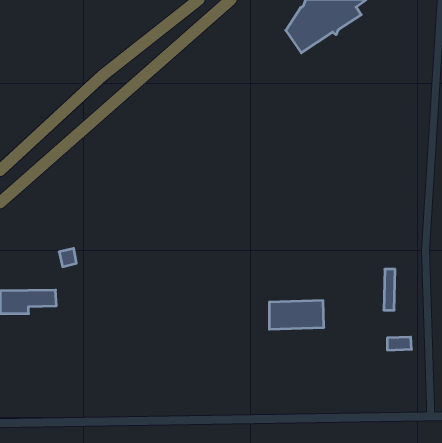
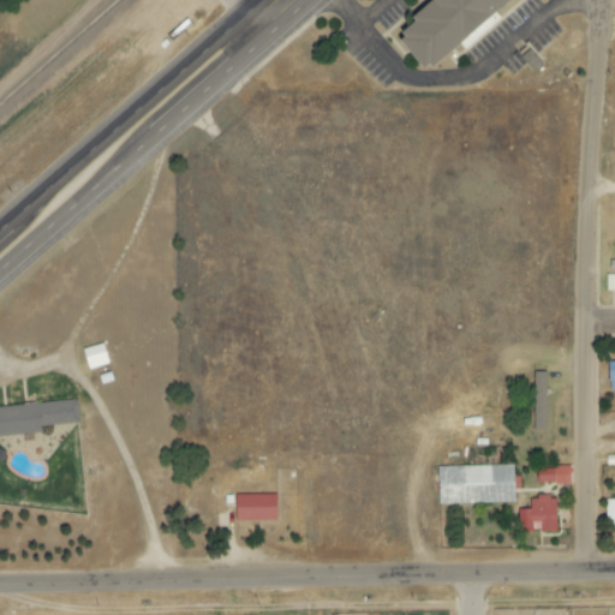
building: [269,301,324,329] -> [440,464,515,503]
building: none -> [235,494,277,521]
building: none -> [519,496,557,532]

